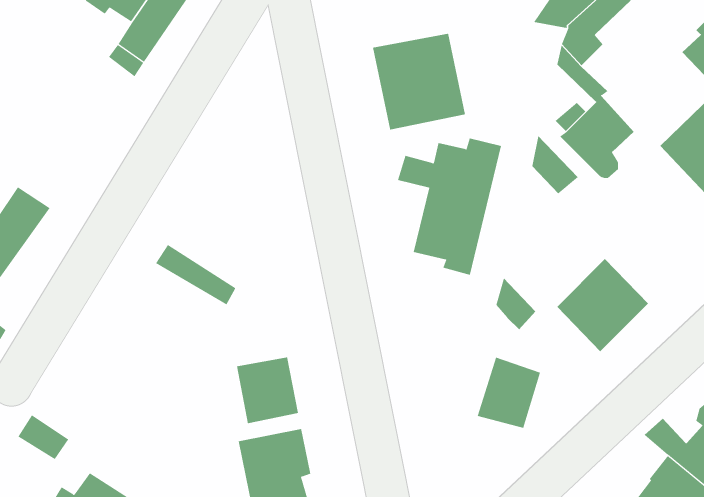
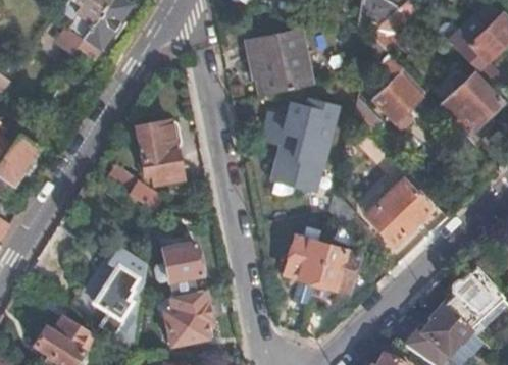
building: none -> [137,121,183,184]
building: none -> [286,222,329,281]
building: none -> [92,265,138,317]

